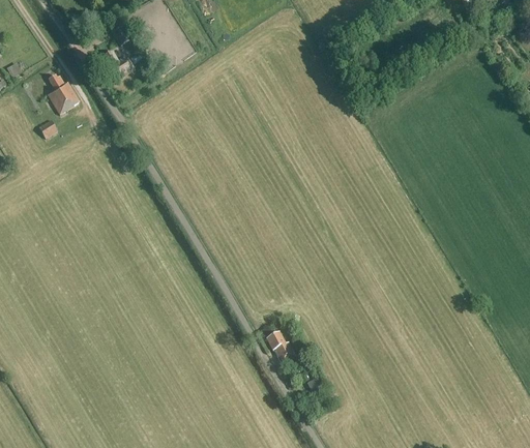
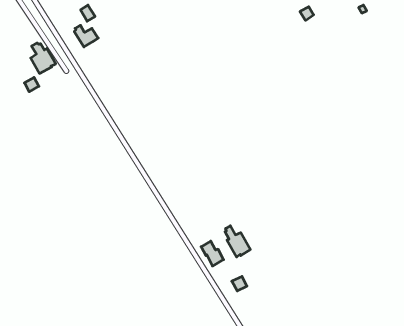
building: none -> [225,226,250,257]

